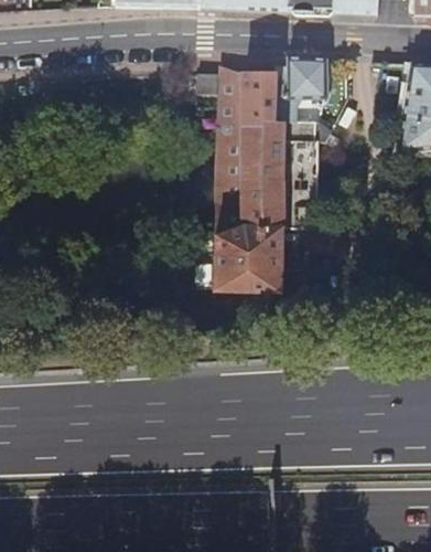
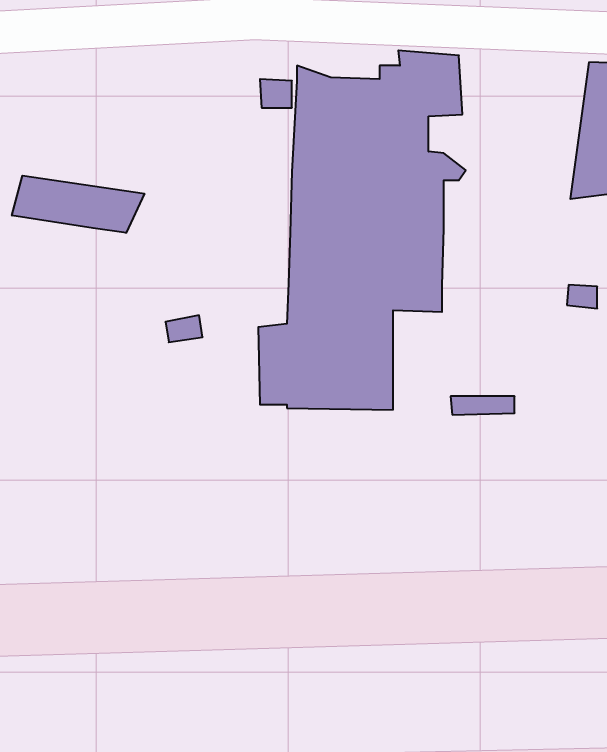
building: none -> [12,176,144,233]

